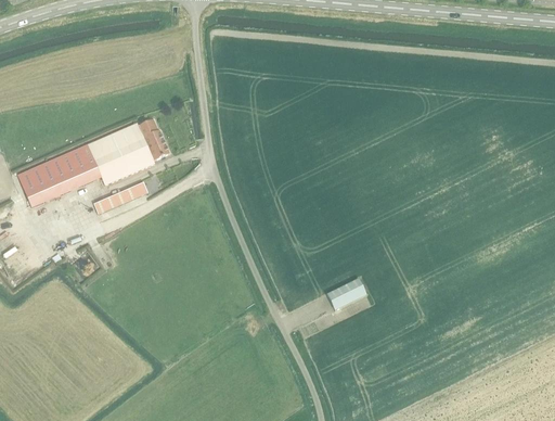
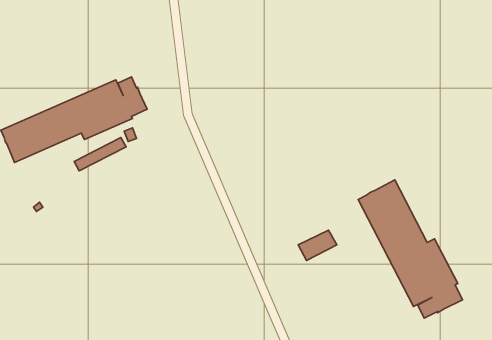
building: none -> [358,180,462,318]

